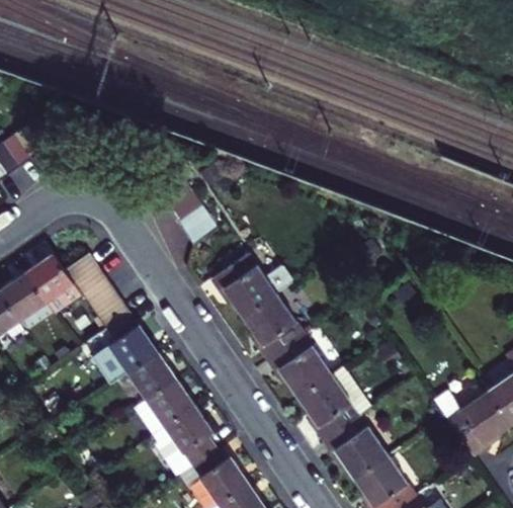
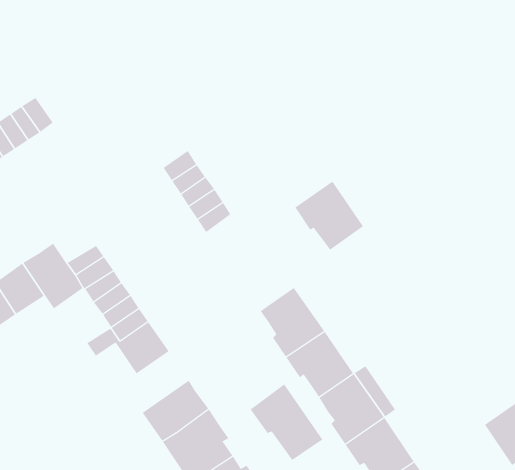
building: [210,253,274,317] -> [294,181,364,250]
building: [116,353,178,410] -> none
building: none -> [250,384,323,461]

